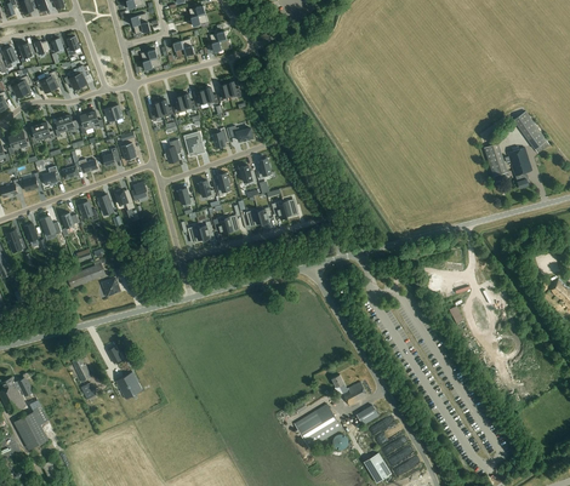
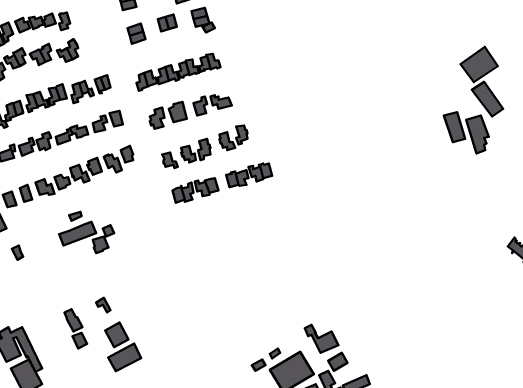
building: none -> [460,47,498,82]
building: none -> [108,344,141,371]

